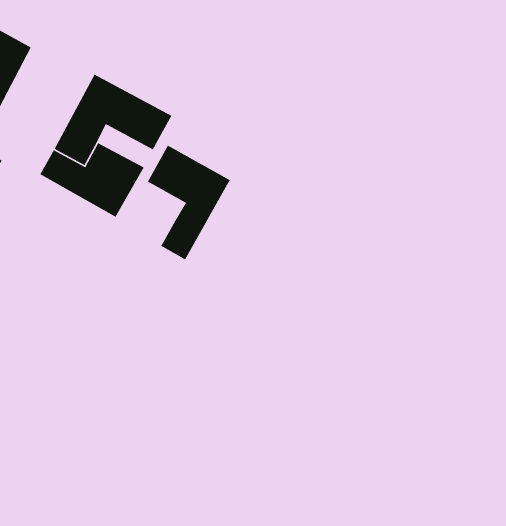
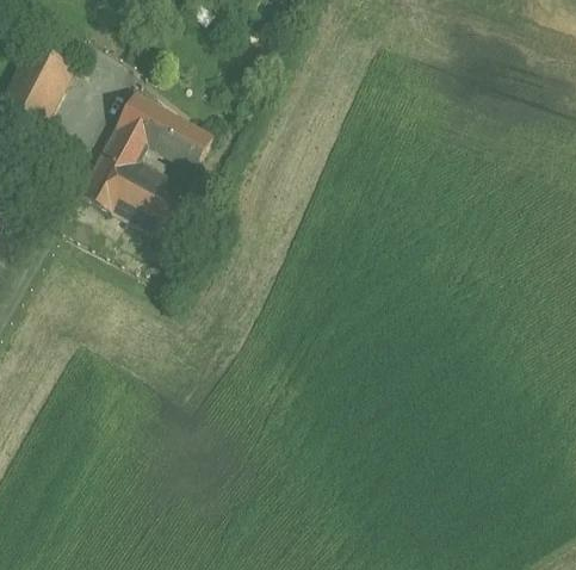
building: [147,144,231,261] -> none

